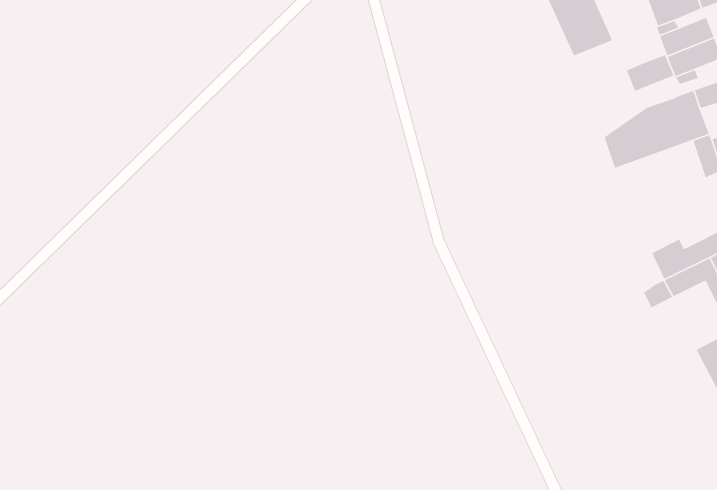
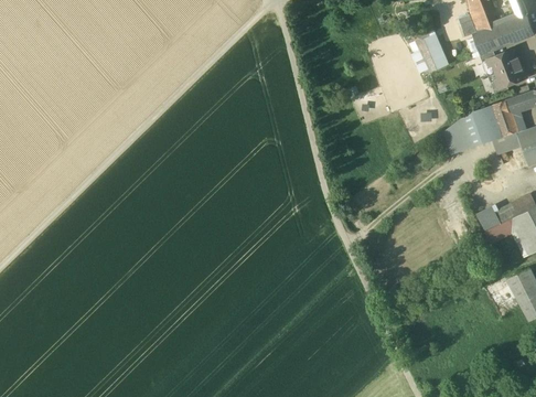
building: [626,54,674,92] -> none

